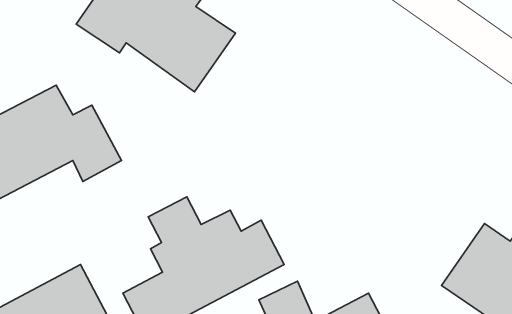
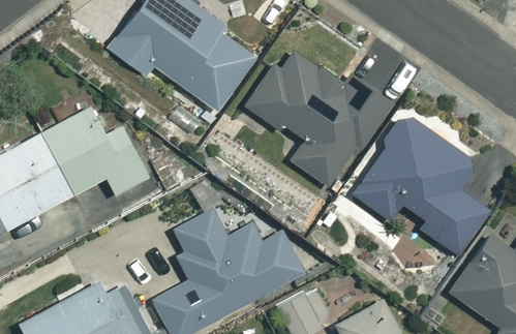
building: none -> [244,45,392,186]
building: none -> [353,116,492,256]

